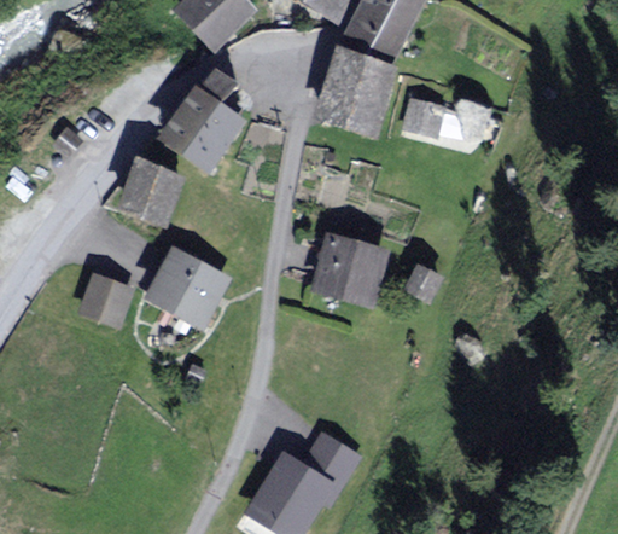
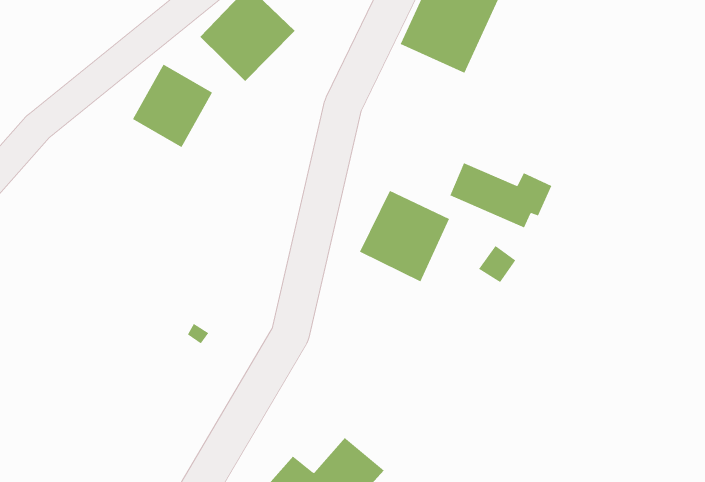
building: [406,99,485,144] -> [449,162,552,228]
building: [147,250,225,324] -> none
building: [81,273,129,323] -> none

